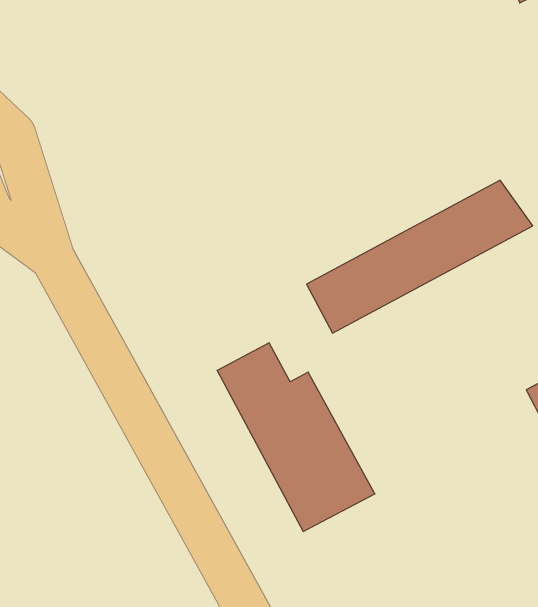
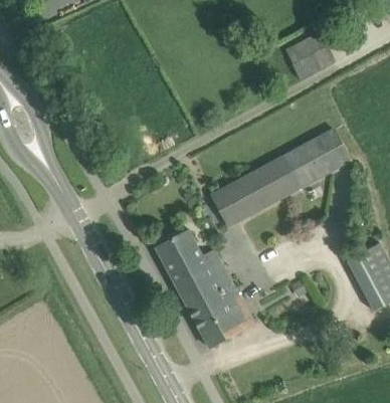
building: none -> [284,28,336,76]

